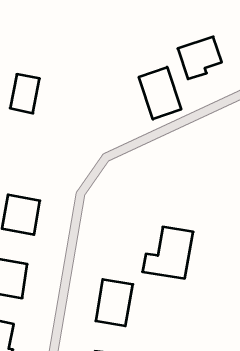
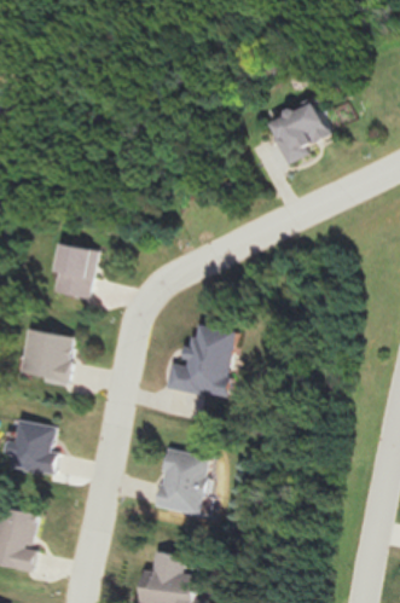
building: [139,67,181,119] -> none
building: [10,74,40,113] -> [53,243,95,298]
building: [142,227,193,278] -> [163,323,236,396]

